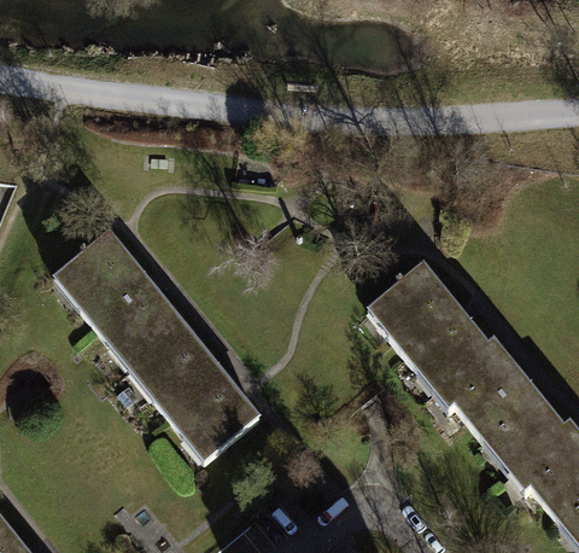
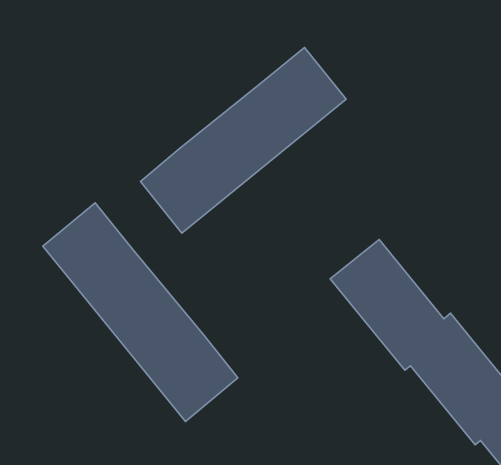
building: none -> [141,47,346,233]

